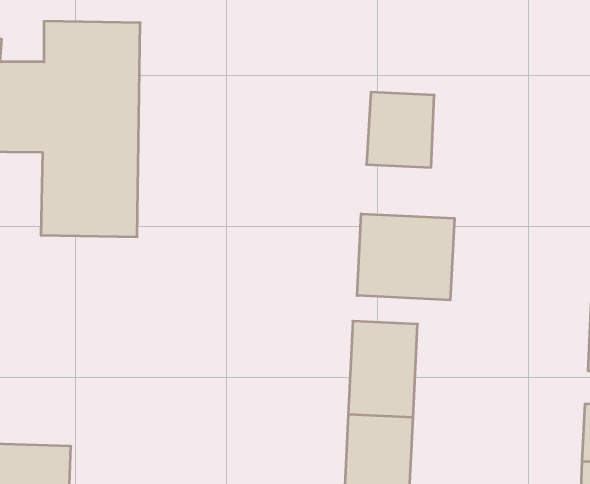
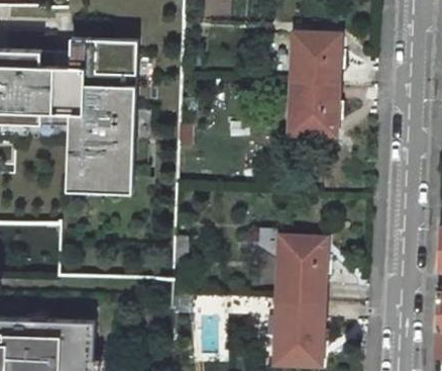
building: none -> [294,36,338,88]
building: [357,214,454,300] -> none

